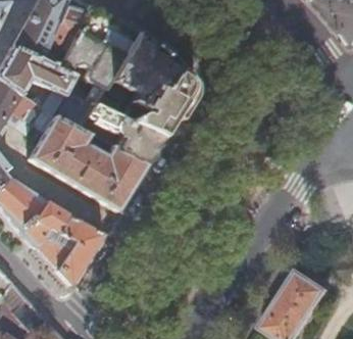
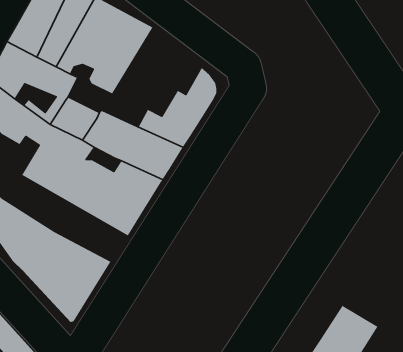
building: [94,32,179,116] -> none

